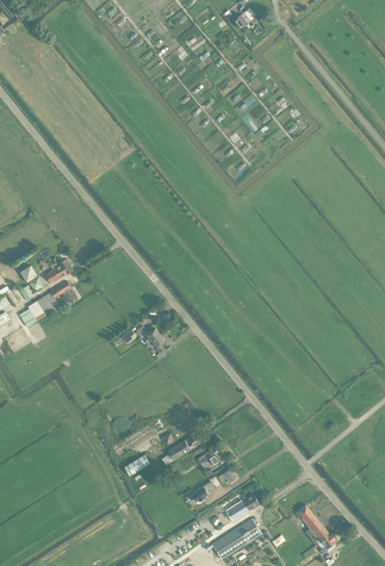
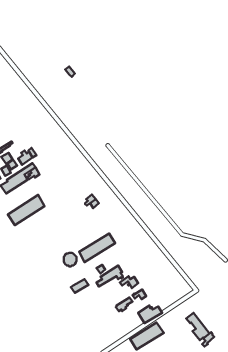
building: none -> [8,195,45,225]
building: none -> [79,233,115,262]

